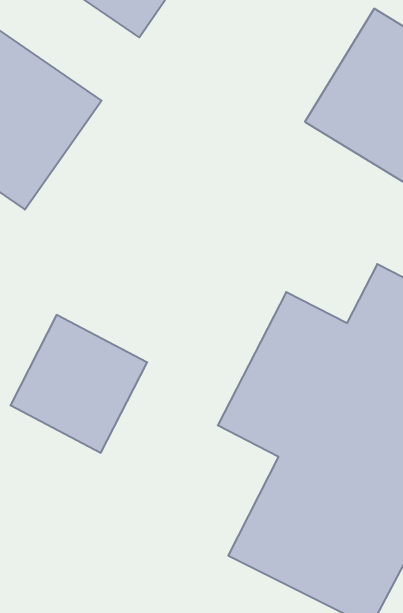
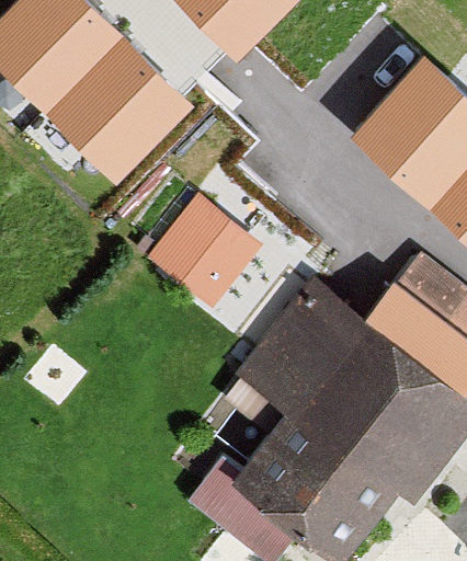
building: [10,315,147,453] -> [155,176,272,295]

